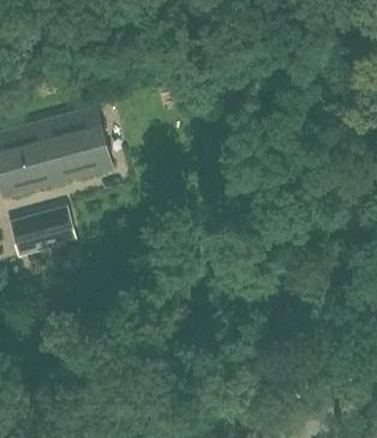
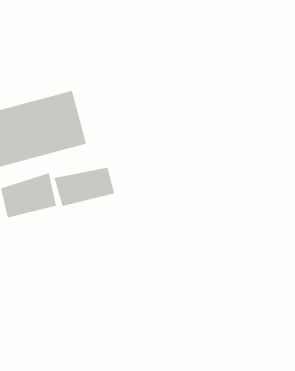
building: none -> [54,167,115,207]

